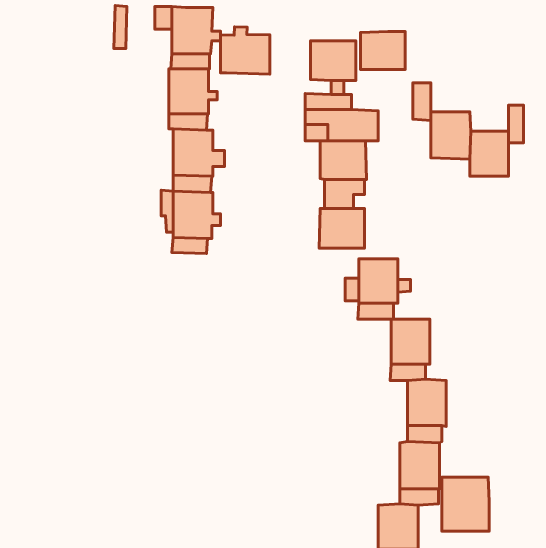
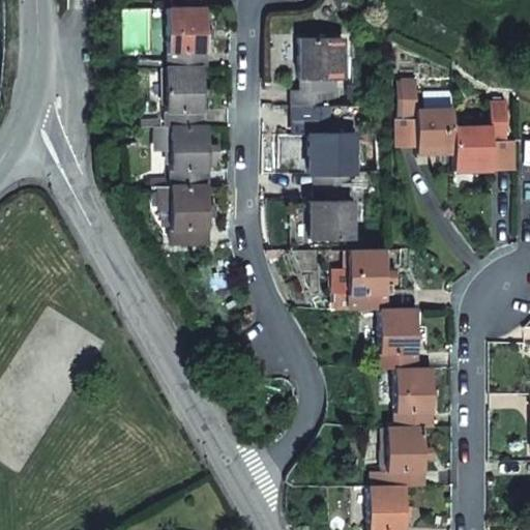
building: [220,27,270,74] -> none
building: [361,31,405,69] -> none
building: [442,477,489,531] -> none

